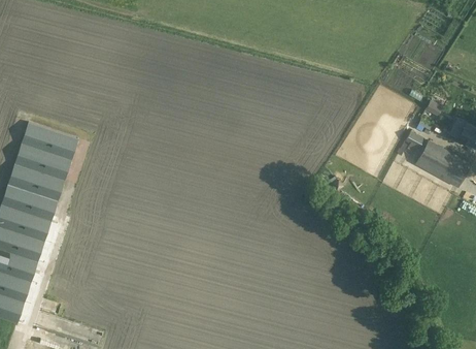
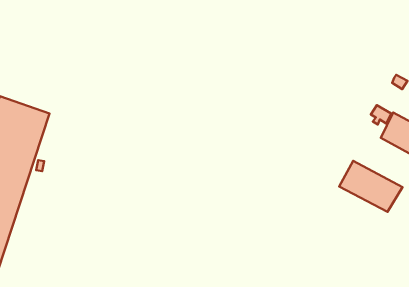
building: none -> [339,161,402,212]

